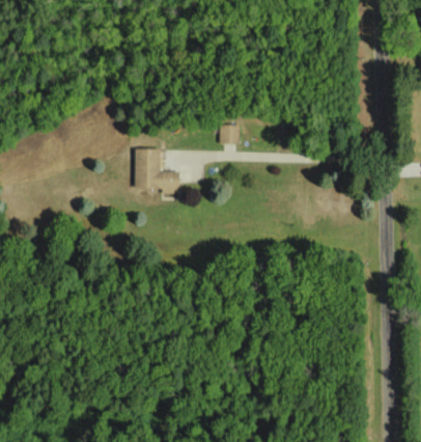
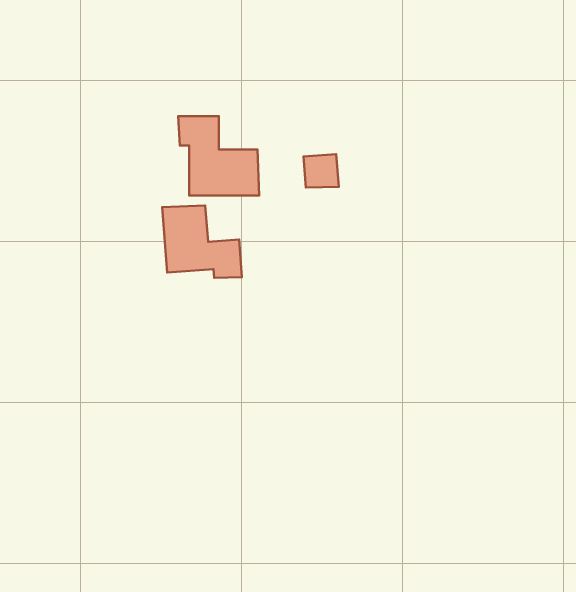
building: none -> [178,116,259,196]

